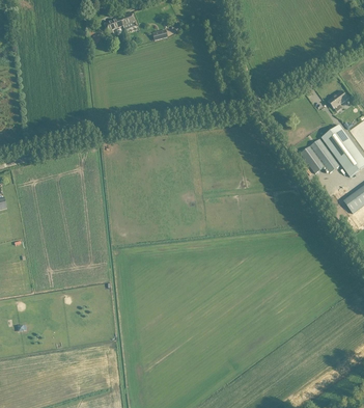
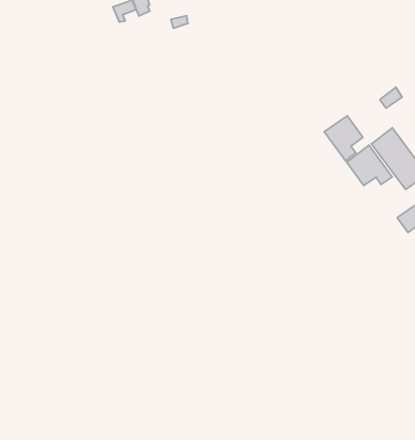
building: none -> [324,116,363,161]

